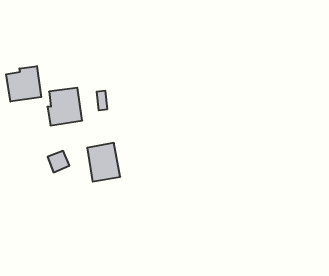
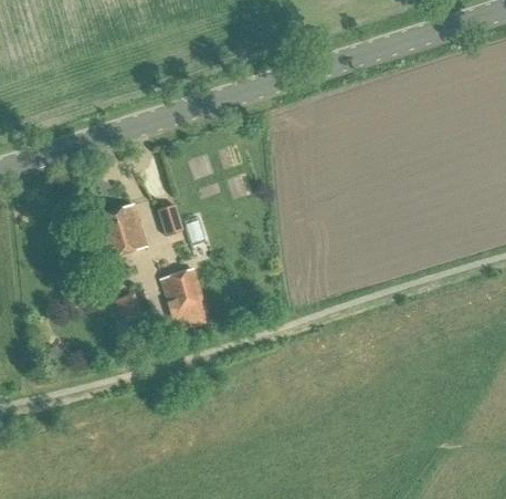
building: [6,66,41,102] -> none

